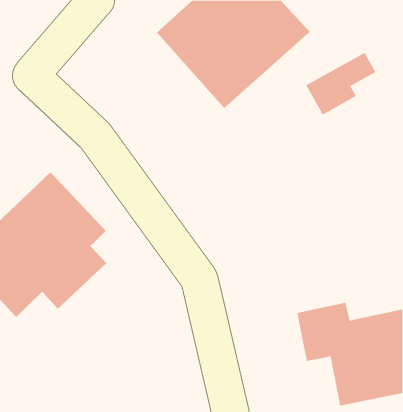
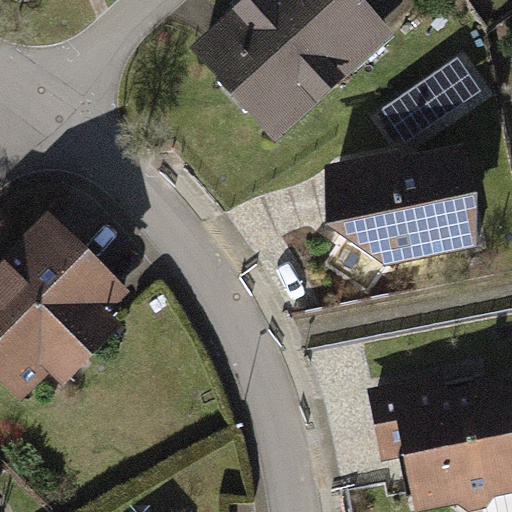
building: none -> [319,140,468,265]

